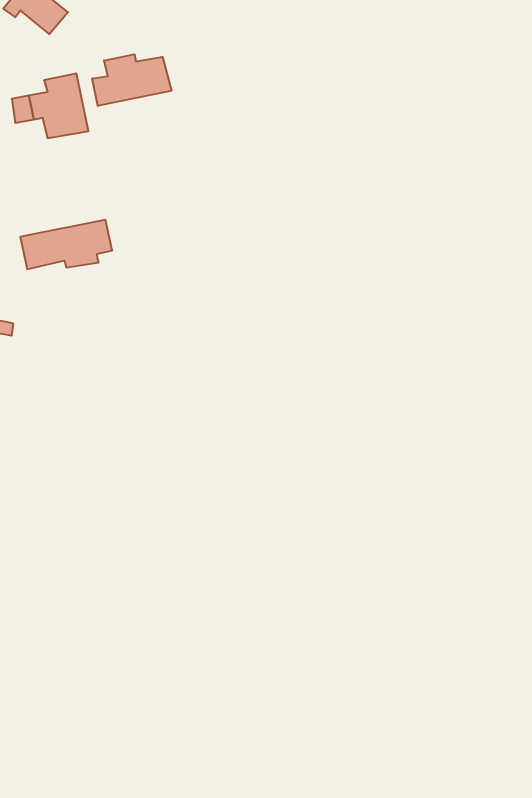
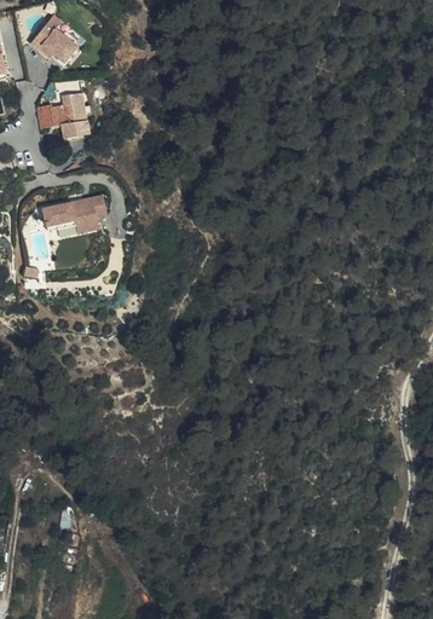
building: [92,54,171,106] -> none

